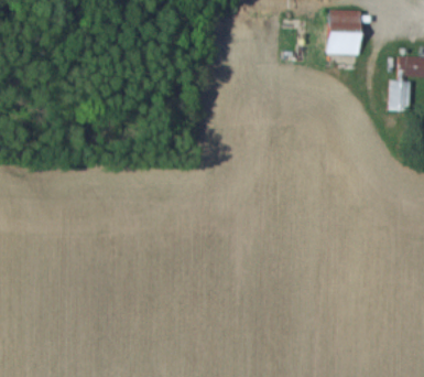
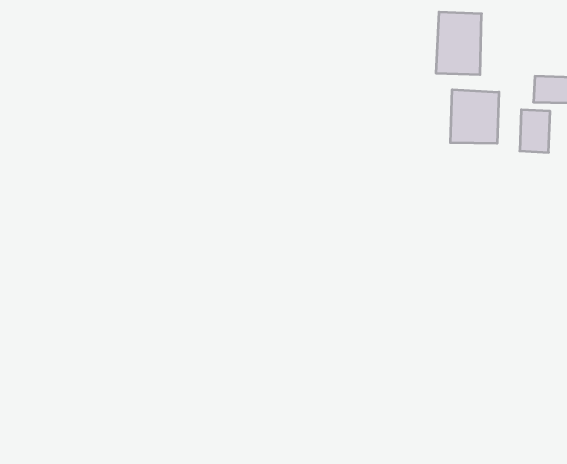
building: none -> [450,90,499,143]

